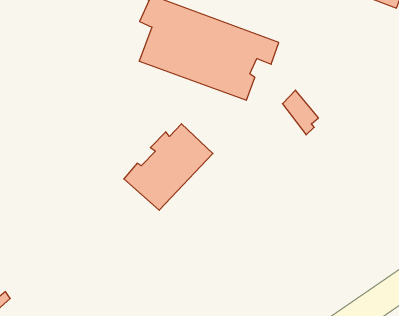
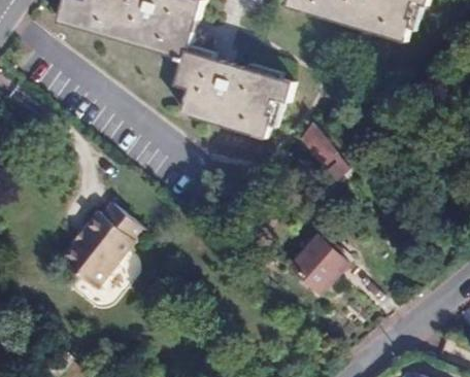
building: [124,124,213,210] -> [66,209,149,295]
building: none -> [298,240,347,290]

